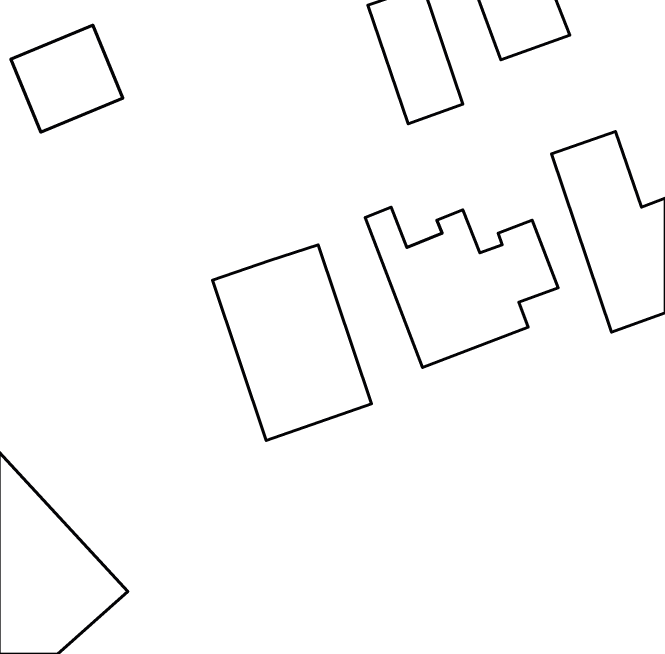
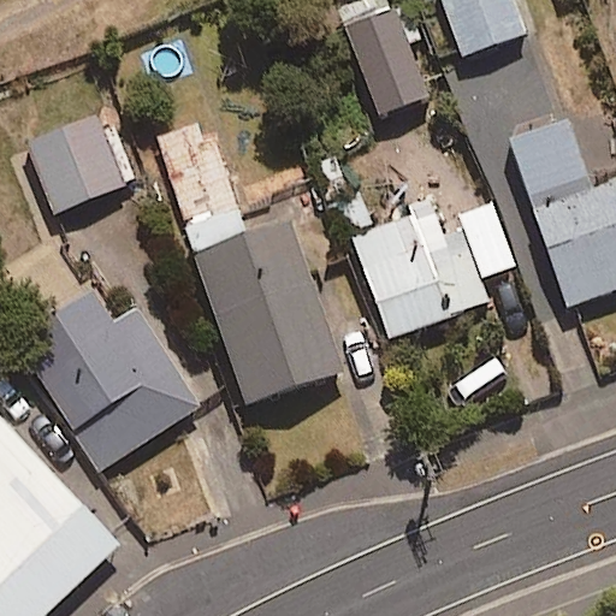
building: [11,25,123,132] -> [28,113,131,212]
building: none -> [154,117,249,259]
building: none -> [18,294,199,469]

